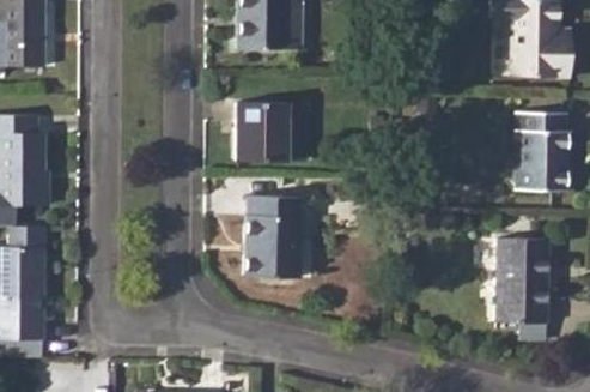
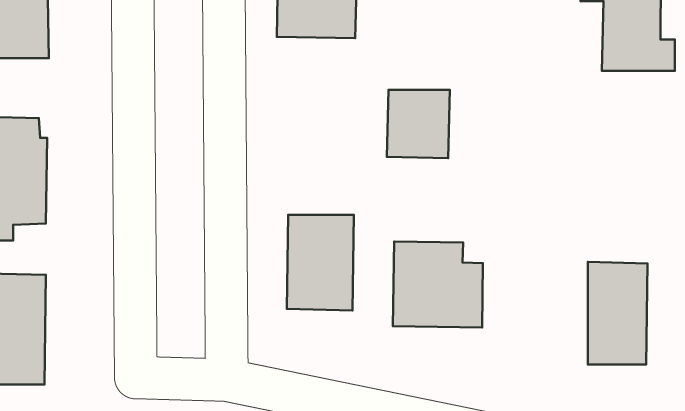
building: [236,103,288,161] -> [387,90,450,158]
building: [517,113,571,191] -> none
building: none -> [393,242,483,328]

